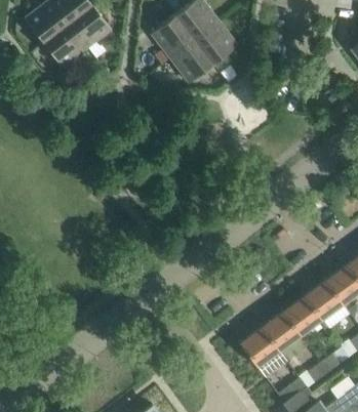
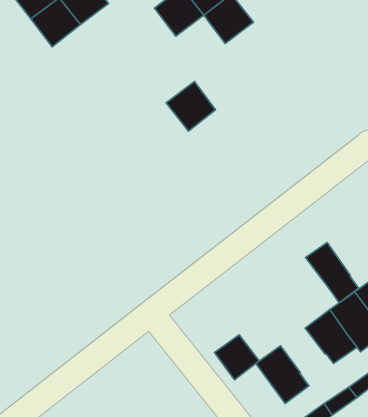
building: [169,39,212,82] -> [166,82,216,131]
building: none -> [305,243,358,303]
building: [261,312,300,351] -> [215,335,259,380]

